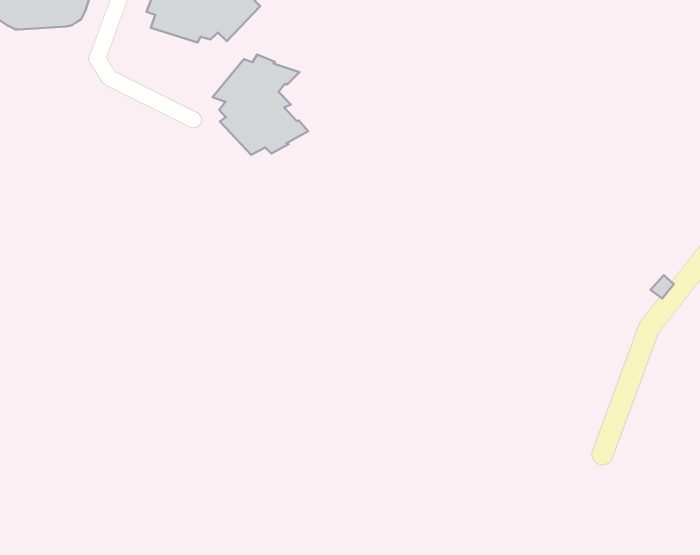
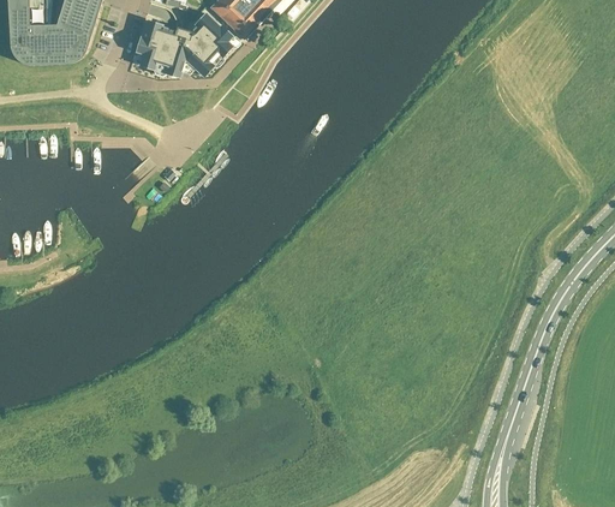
building: [213,55,308,155] -> none

